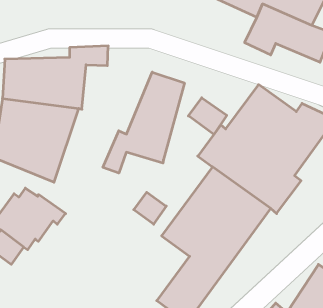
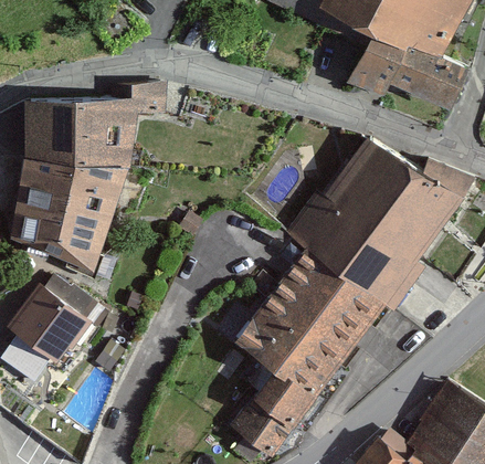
building: [103,72,184,173] -> none
building: [188,98,227,134] -> none
building: [134,192,166,224] -> none

